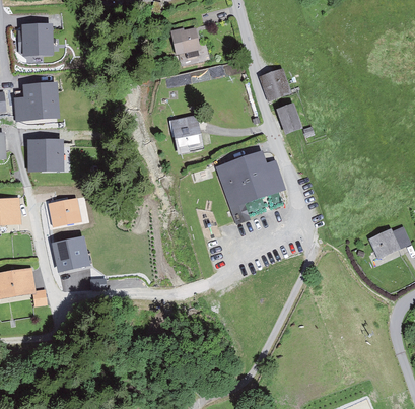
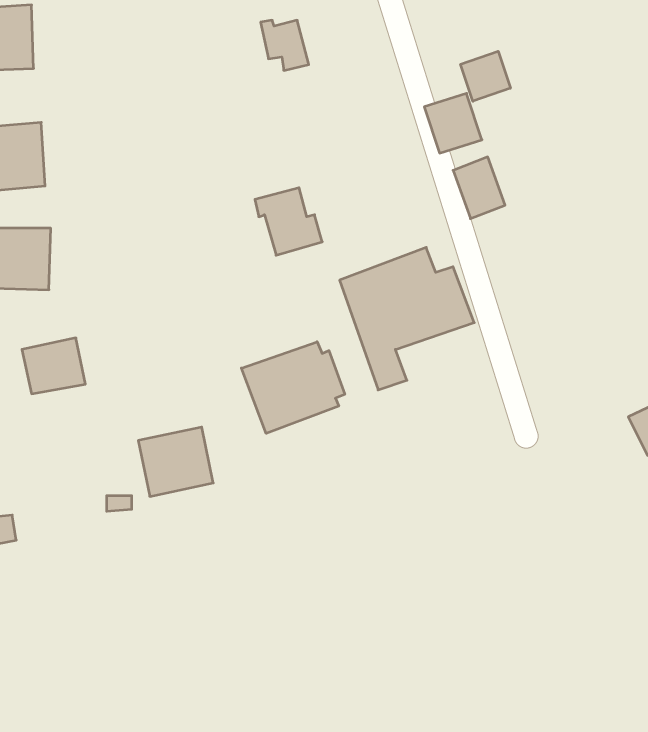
building: none -> [461,51,510,101]
building: none -> [241,342,345,433]
building: [51,235,90,272] -> [138,427,213,496]

